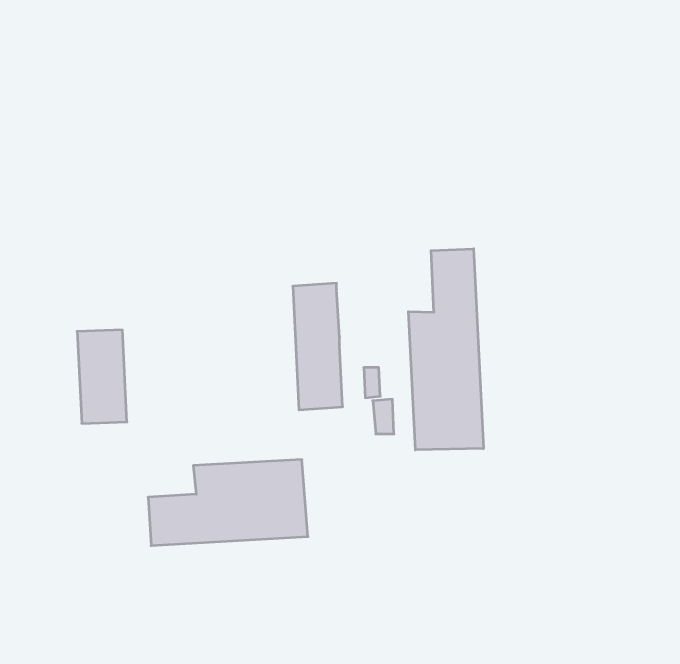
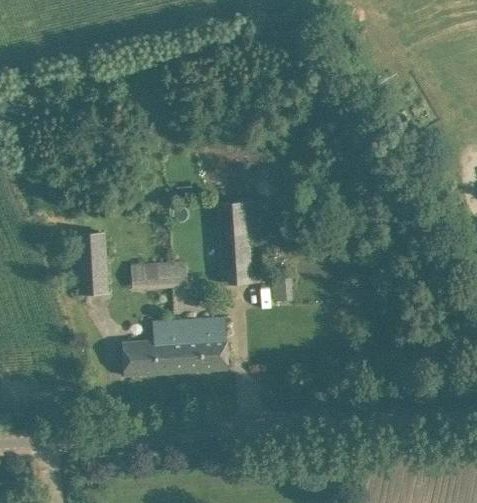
building: [408,249,483,450] -> none
building: none -> [146,261,172,287]

